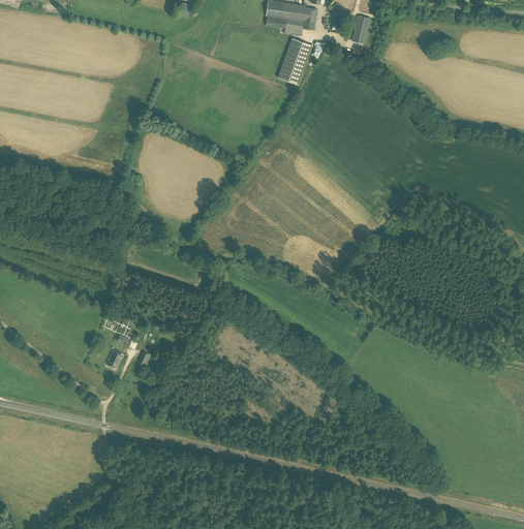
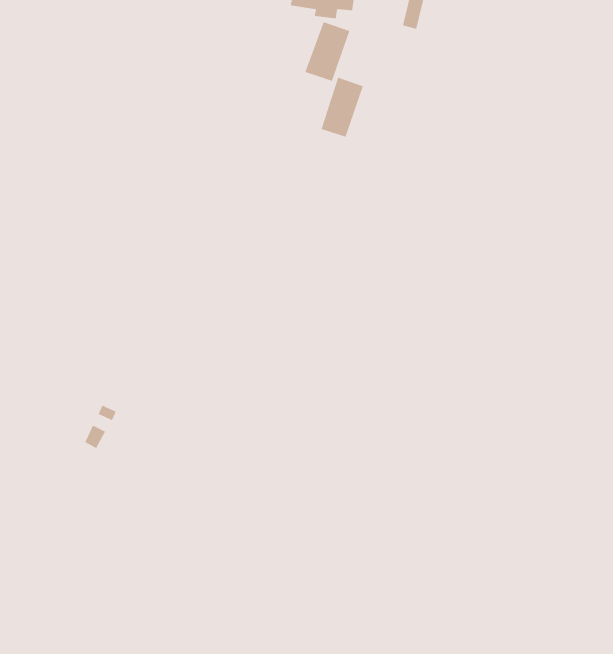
building: none -> [321,77,363,138]

